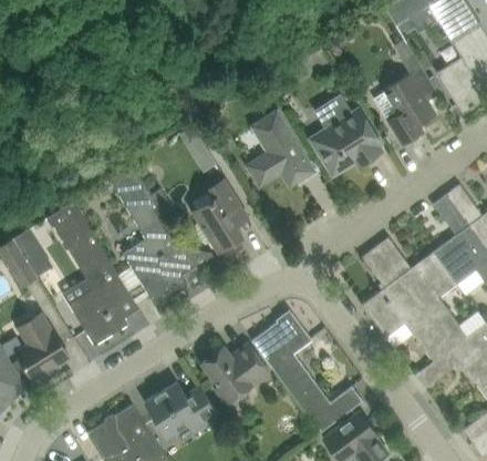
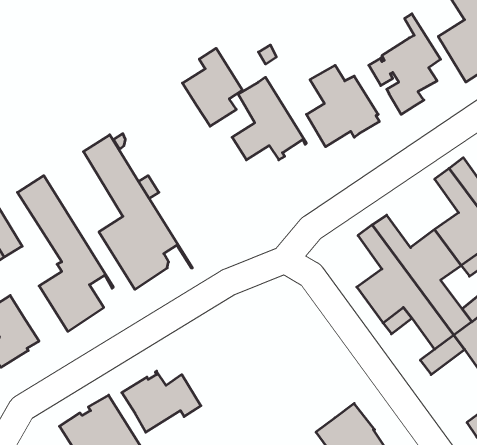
building: [194,180,249,252] -> [182,48,242,126]
building: [252,314,363,433] -> none
building: [203,345,270,404] -> none

